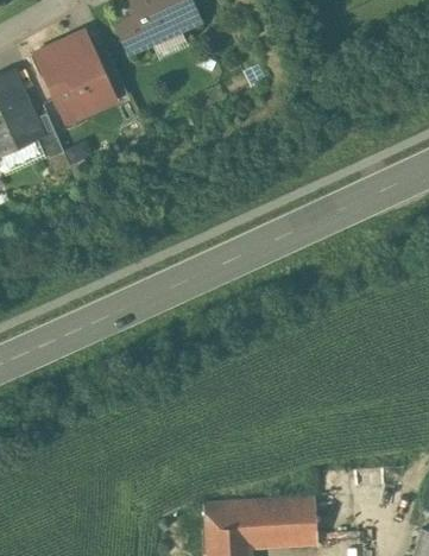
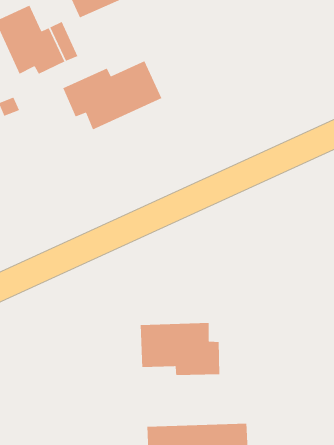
building: none -> [62,60,162,130]
building: none -> [140,322,220,376]

